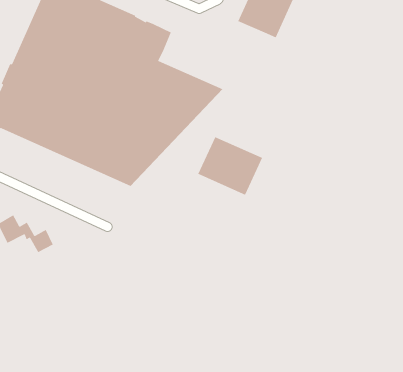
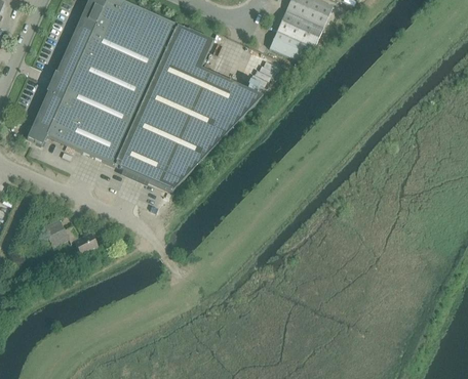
building: none -> [269,29,314,58]
building: [197,136,263,196] -> none

